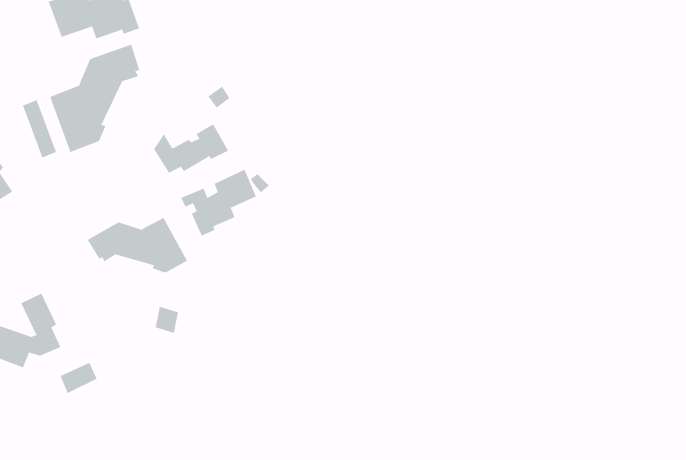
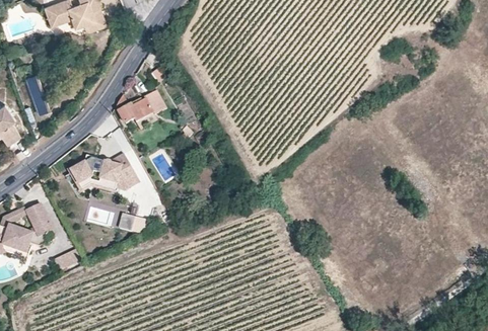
building: [49,44,140,153] -> none
building: [180,169,257,236] -> none

